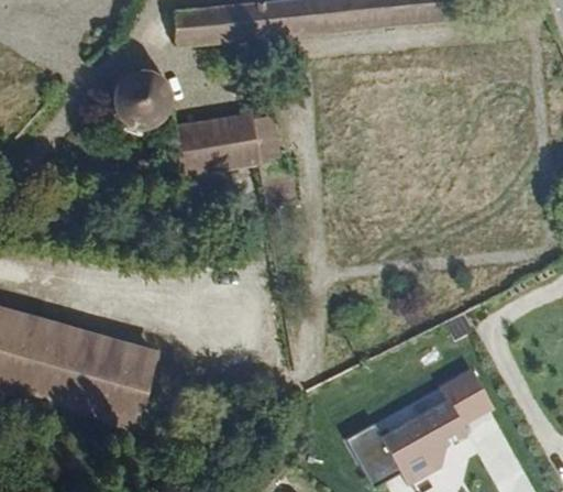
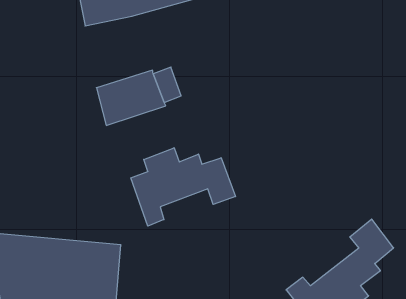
building: [101,78,163,140] -> none
building: none -> [131,148,235,226]

